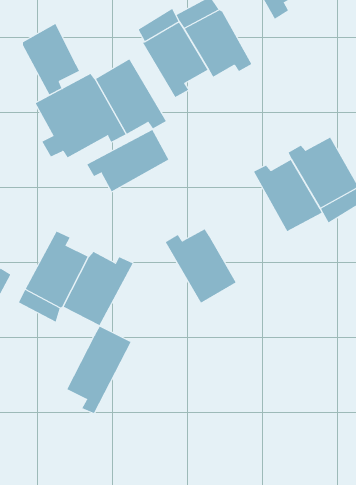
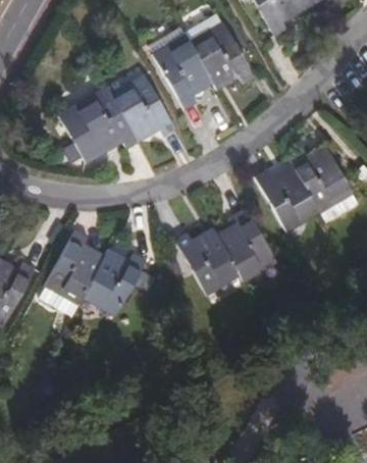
building: [22,23,80,95] -> none
building: [86,129,169,192] -> none
building: none -> [215,208,276,282]
building: [66,326,131,414] -> none

